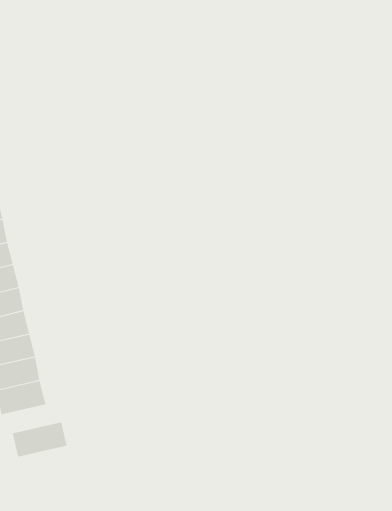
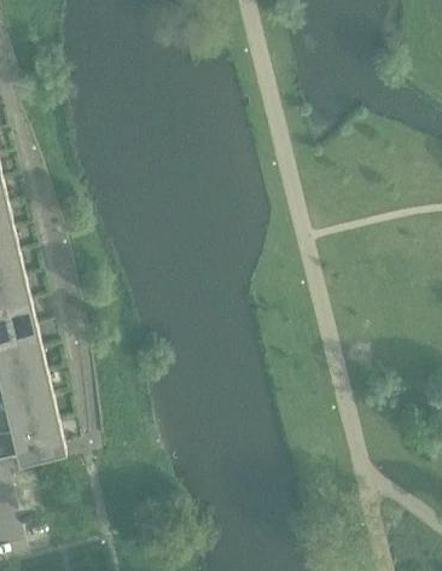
building: [12,422,67,457] -> none

